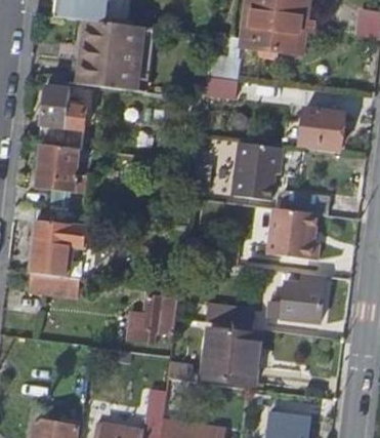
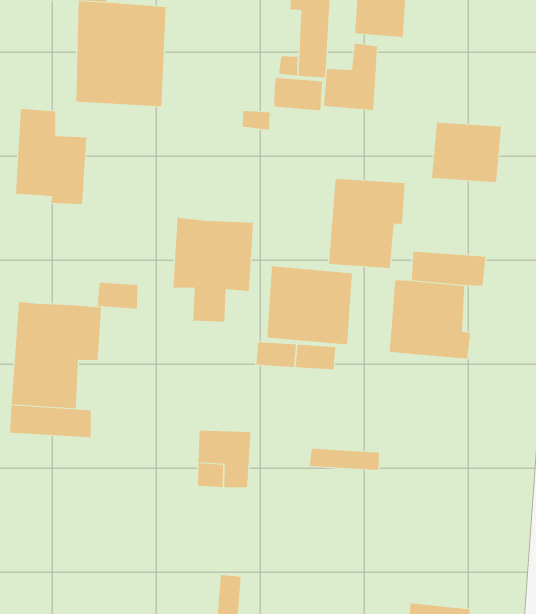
building: none -> [323,43,378,111]
building: [37,144,90,211] -> [173,217,254,322]
building: none -> [267,266,352,345]
building: [268,273,326,322] -> none
building: [203,329,261,384] -> none

